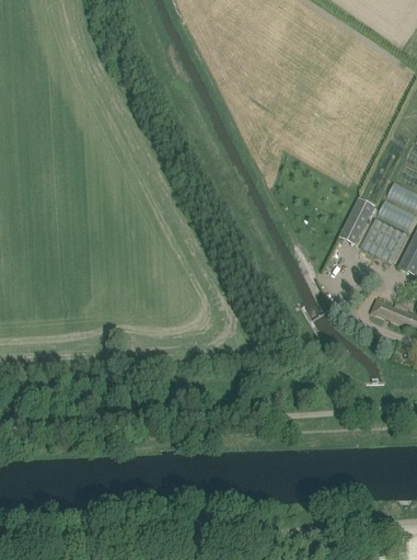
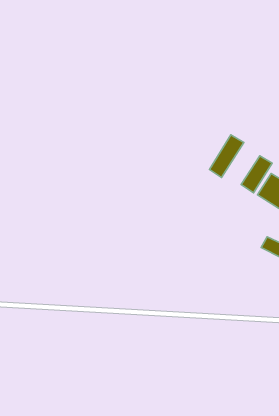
building: none -> [209,135,244,178]

